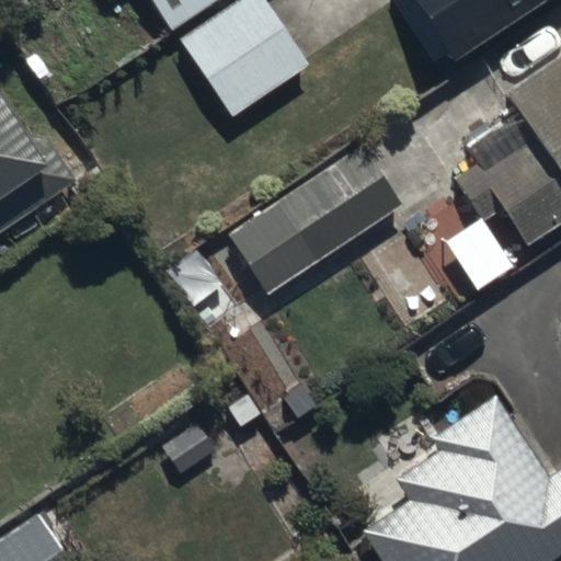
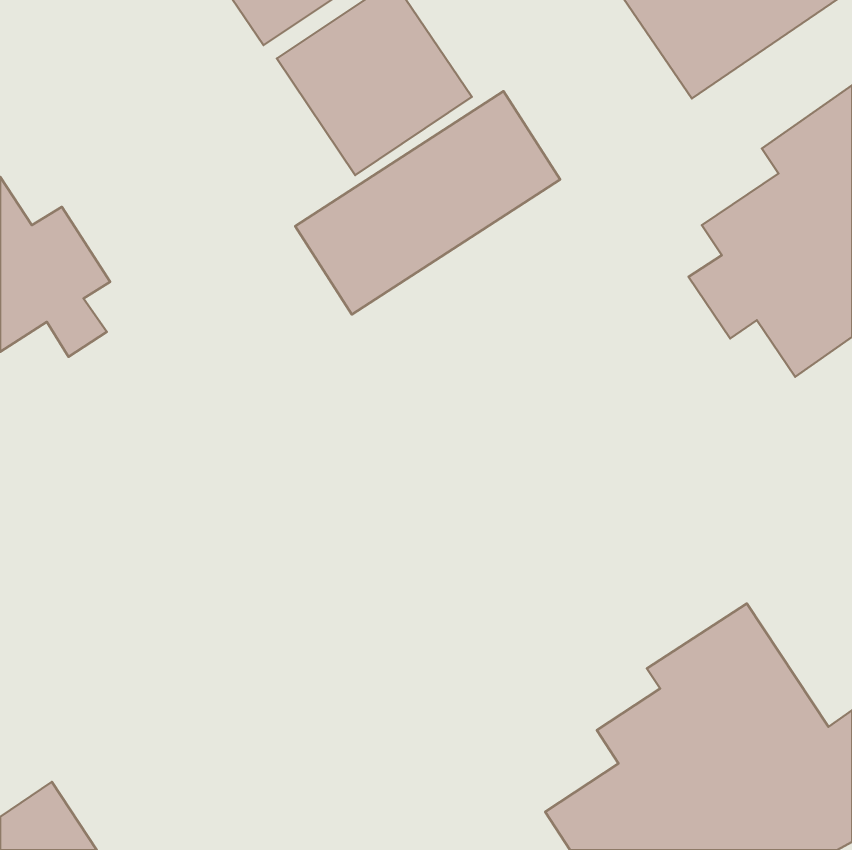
building: [224,148,398,295] -> [295,91,560,314]

